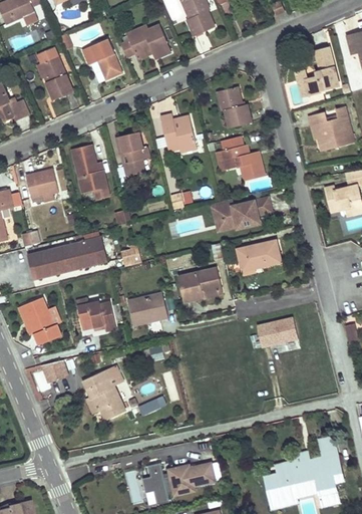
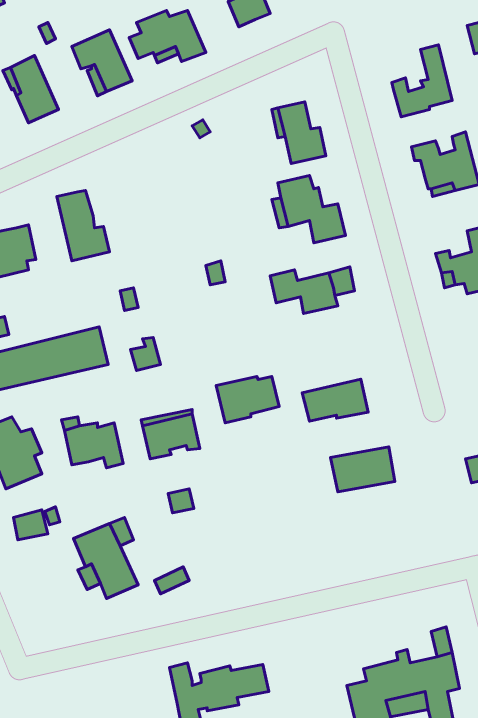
building: [159,113,197,153] -> none
building: [115,132,149,176] -> none
building: [237,240,281,268] -> [302,379,368,421]

